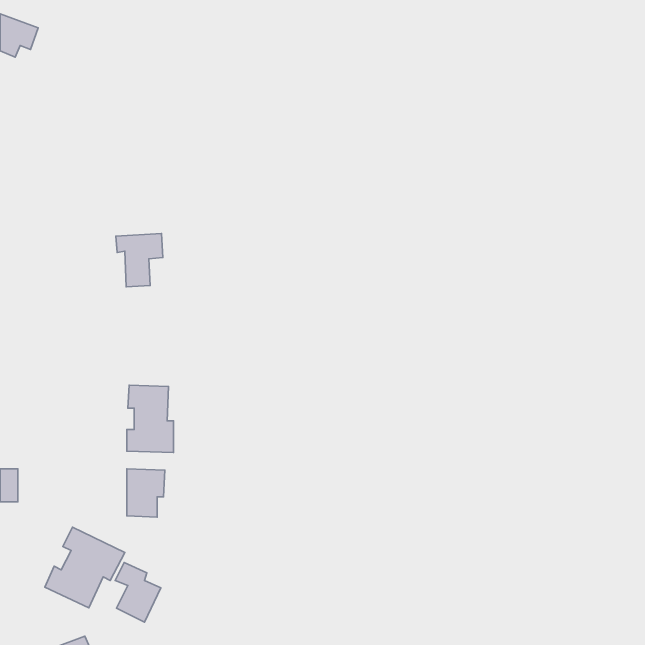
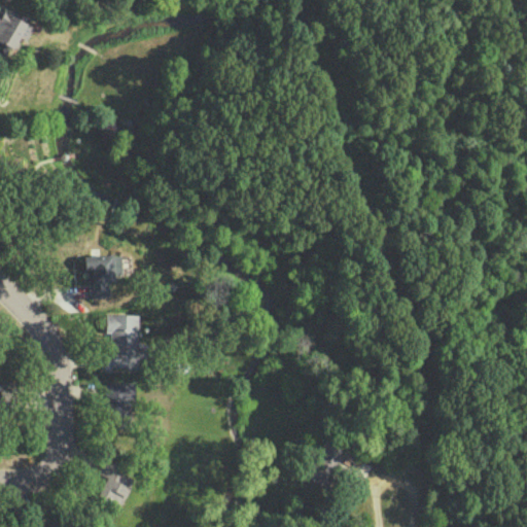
building: [116,234,163,287] -> [82,255,120,298]
building: [45,527,125,608] -> none

